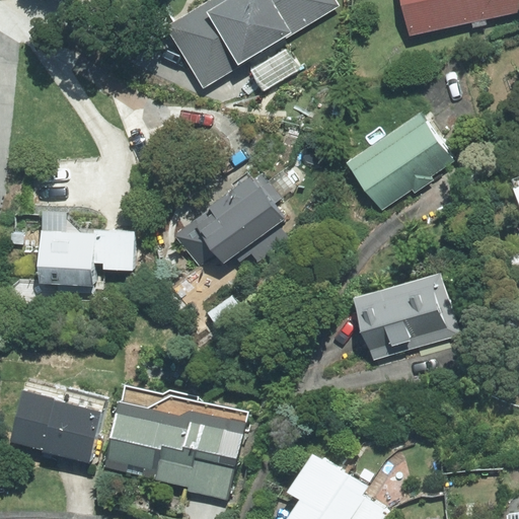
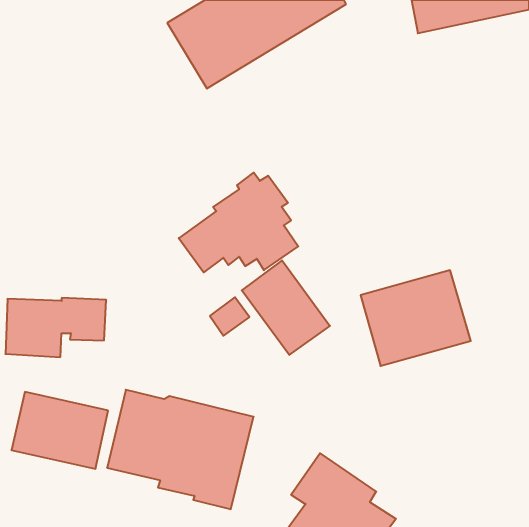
building: [344,108,453,212] -> none
building: [42,225,140,283] -> [5,298,106,357]
building: none -> [242,260,330,355]

